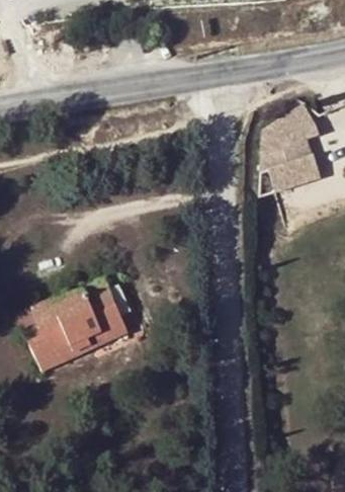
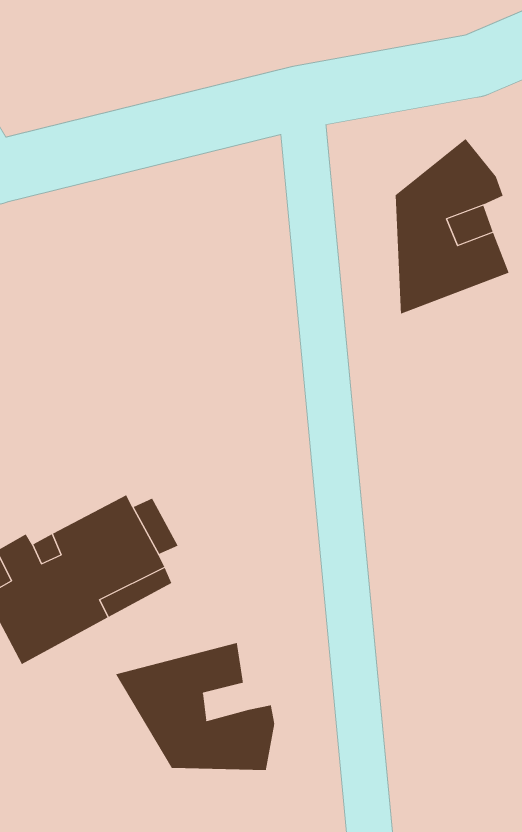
building: none -> [115,642,275,771]

